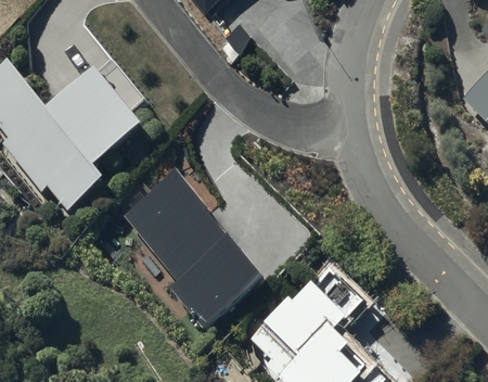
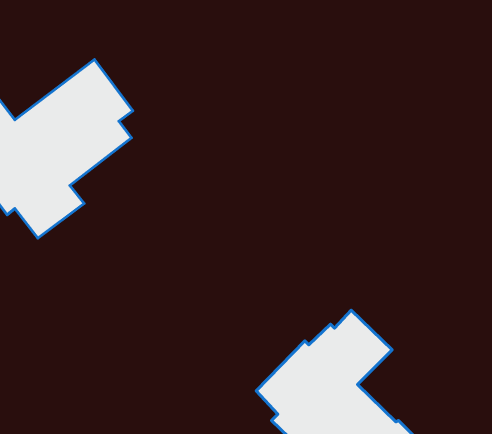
building: [115,163,261,323] -> none

